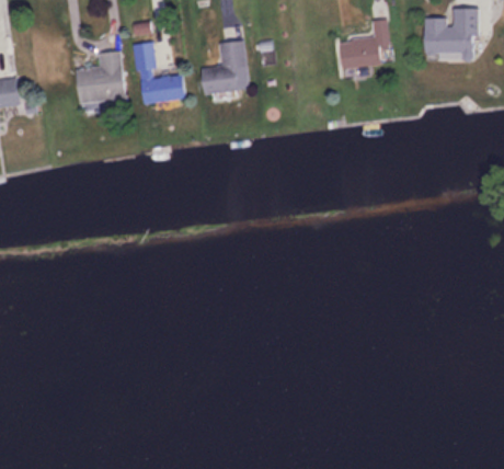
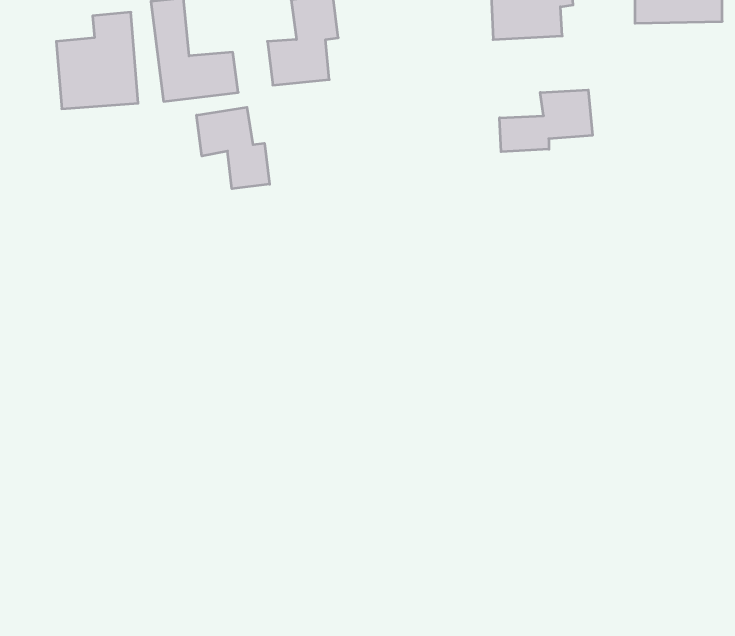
building: none -> [500,90,592,152]
building: none -> [197,107,270,189]

